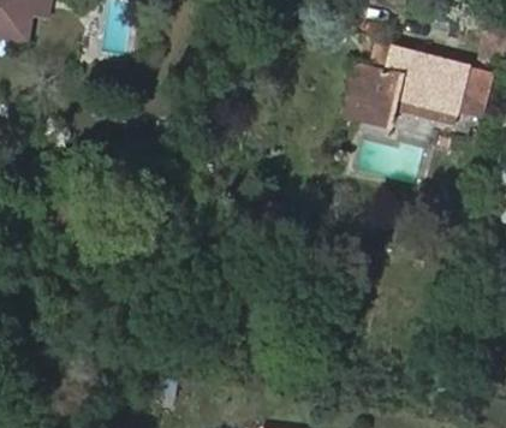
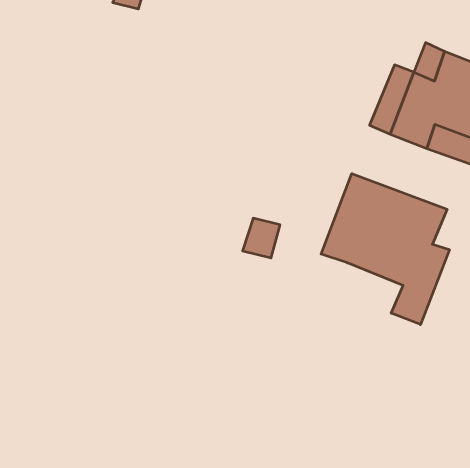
building: none -> [321,174,449,325]

